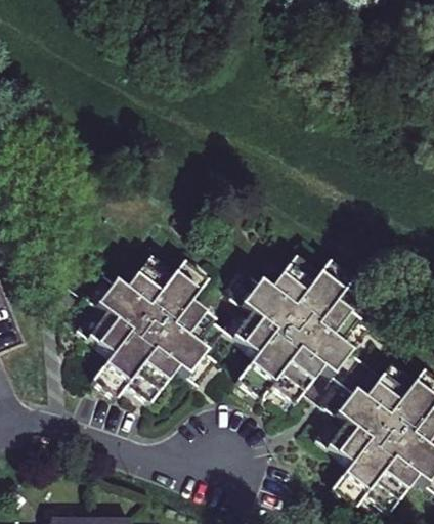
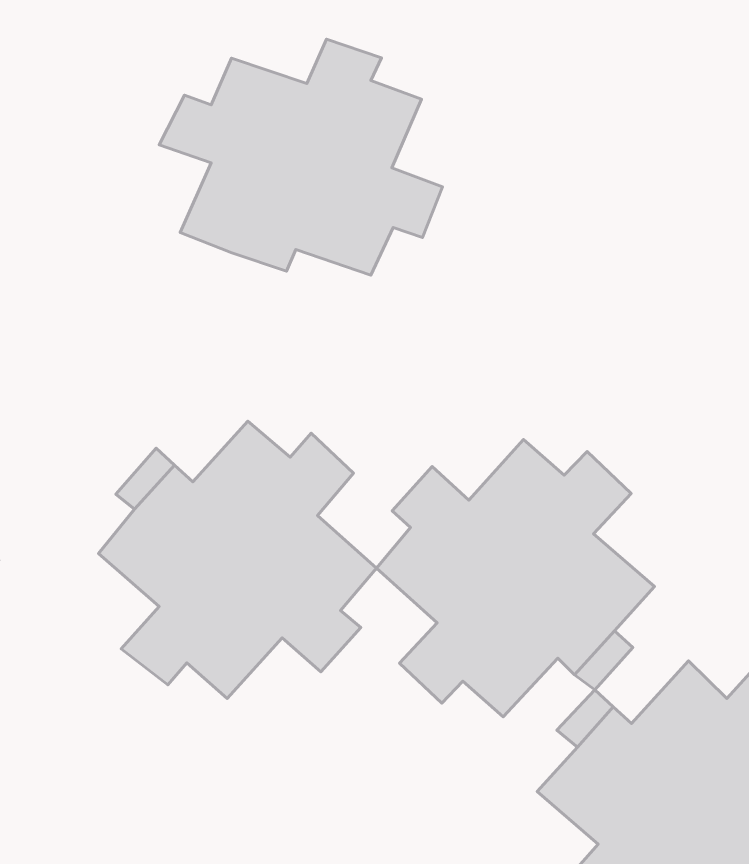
building: none -> [159,39,443,275]

